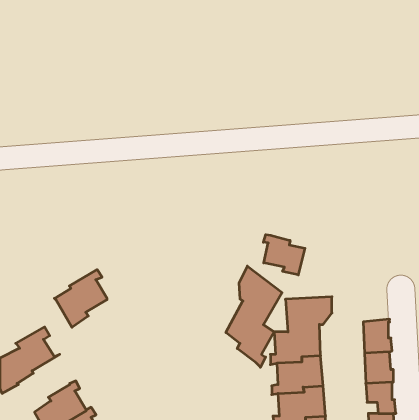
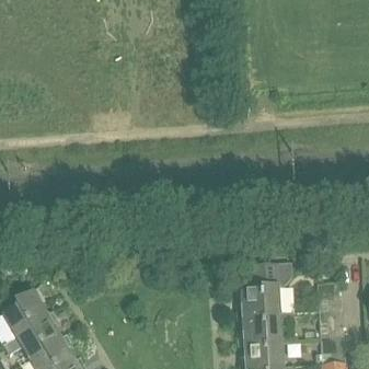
building: [263,235,305,275] -> none
building: [226,266,282,367] -> none
building: [54,270,107,327] -> [15,311,61,361]

